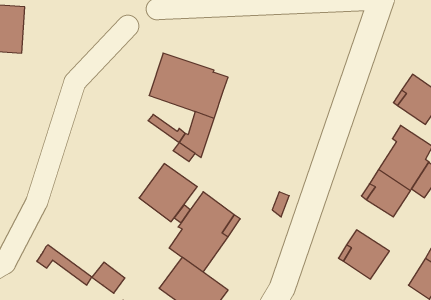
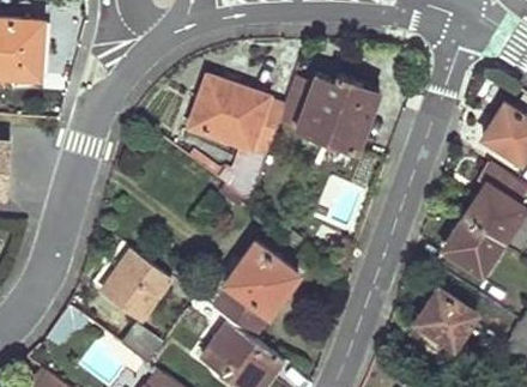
building: none -> [278,75,378,152]
building: [139,164,197,222] -> [101,250,170,320]

